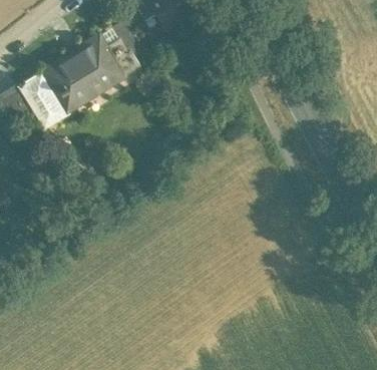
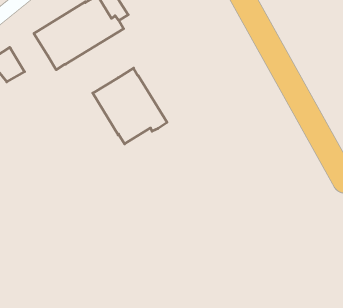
building: [17,71,69,130] -> none
building: none -> [93,68,167,144]

